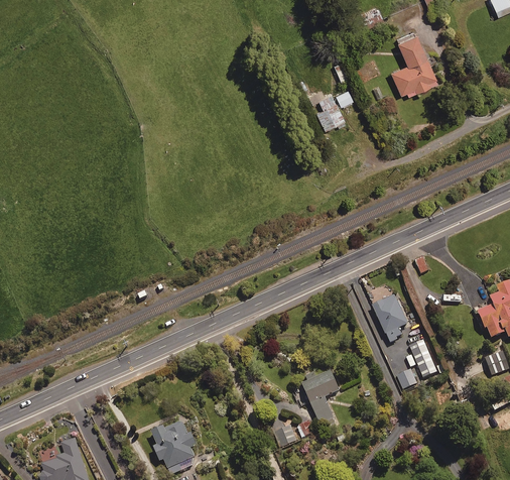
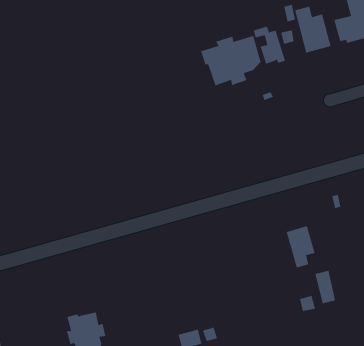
building: none -> [294,6,331,53]
building: none -> [200,35,261,86]
building: [302,371,340,423] -> none

